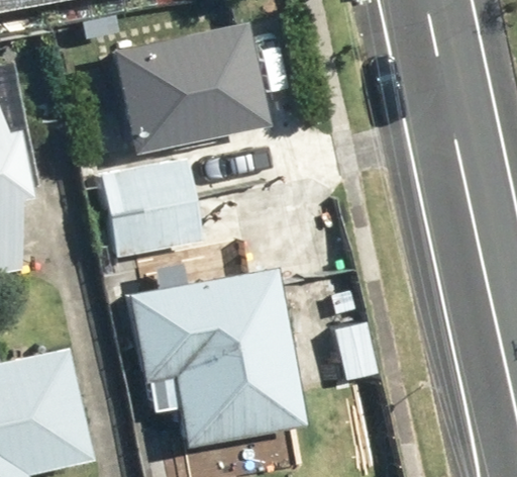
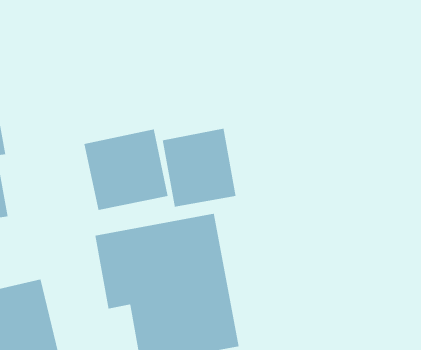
building: [121,32,273,153] -> none
building: none -> [162,128,236,207]

